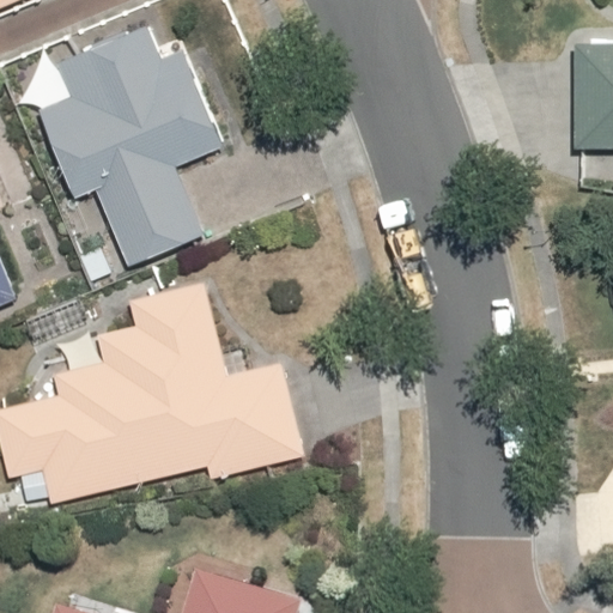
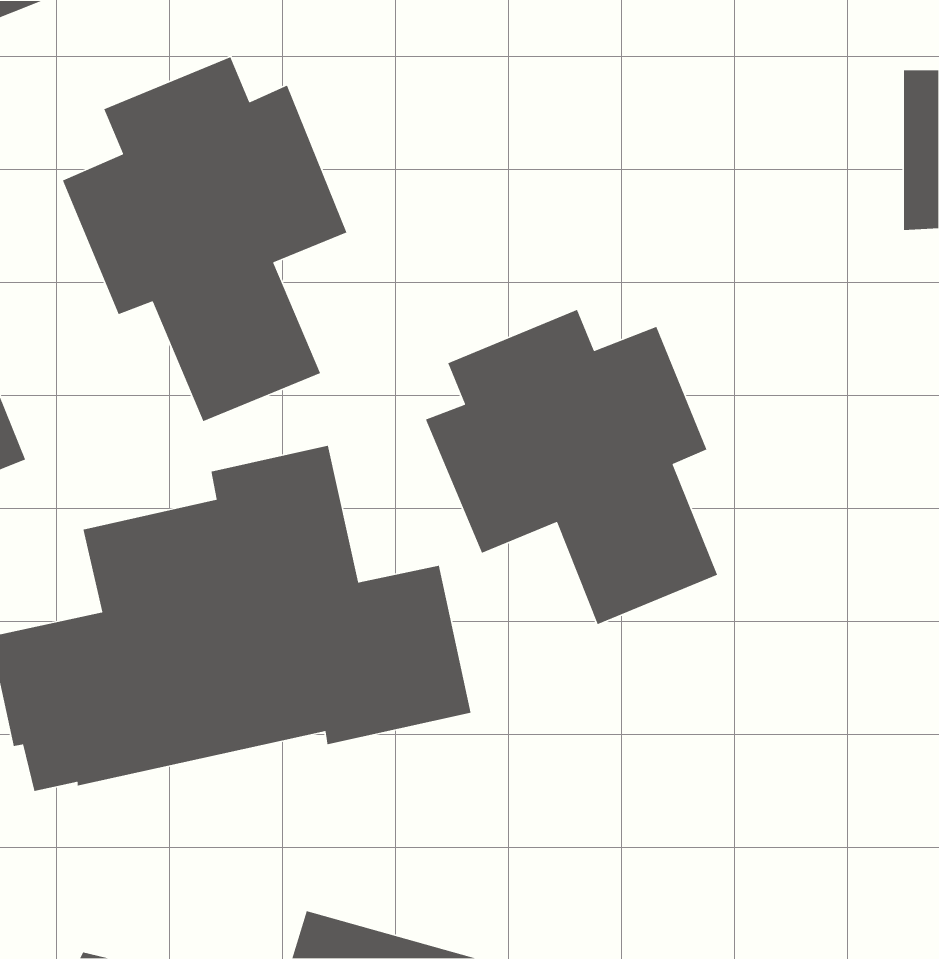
building: none -> [425,309,718,625]

